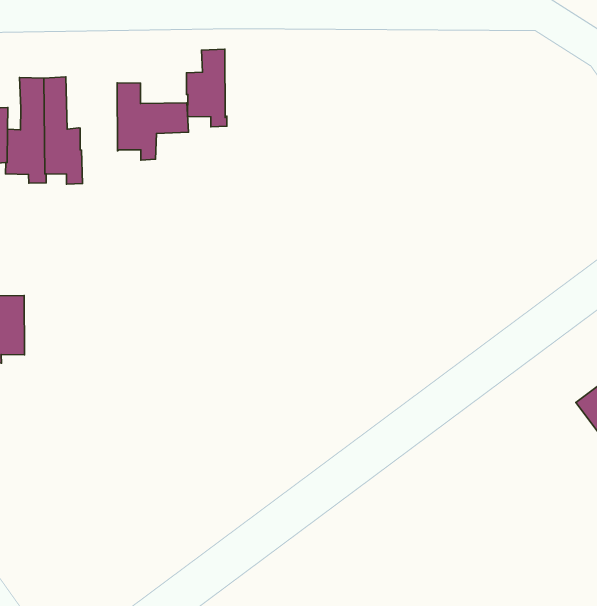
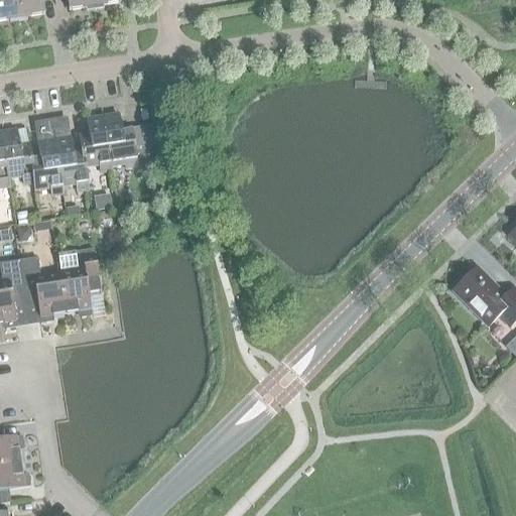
building: [186,49,227,127] -> [78,114,111,169]
building: none -> [55,247,100,315]

